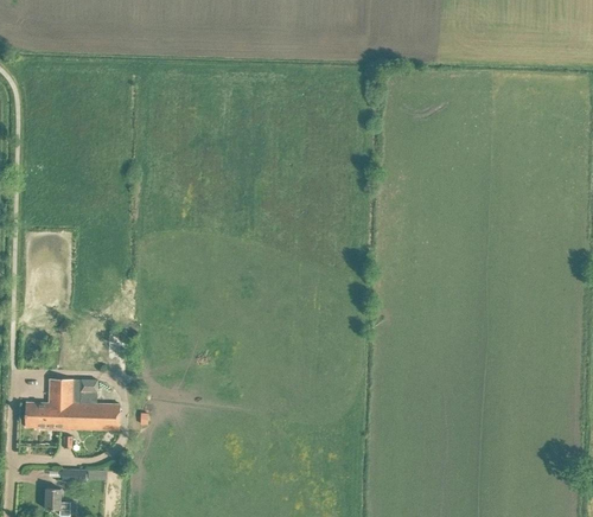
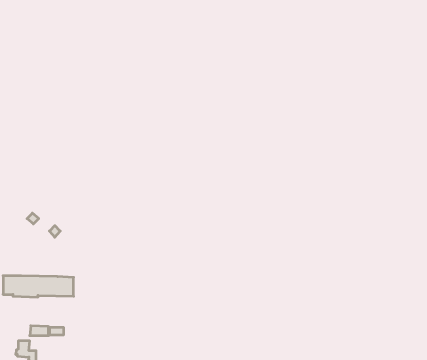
building: [49,379,97,403] -> none

